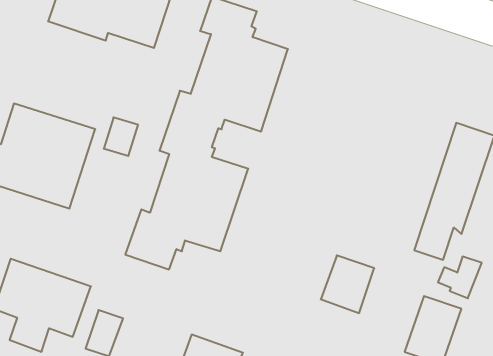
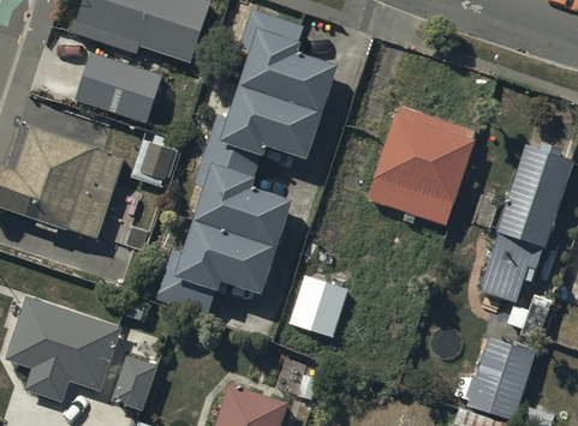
building: none -> [76,54,160,122]
building: none -> [367,106,476,227]
building: [321,255,374,313] -> [290,274,350,338]

